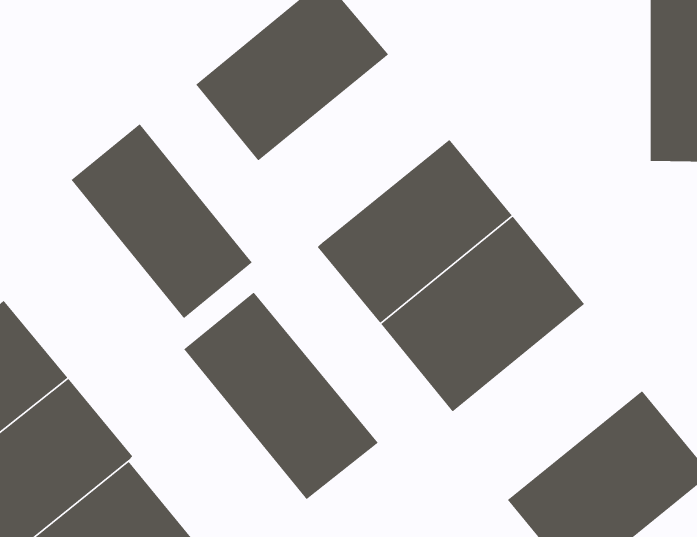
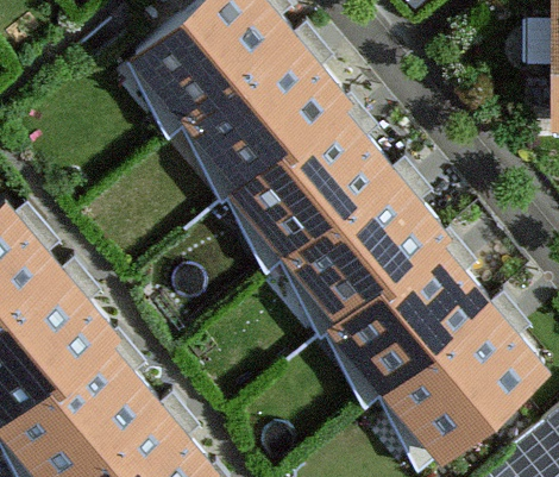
building: none -> [206,46,360,194]
building: [71,123,253,319] -> none
building: [183,291,379,500] -> none
building: none -> [351,249,509,398]

